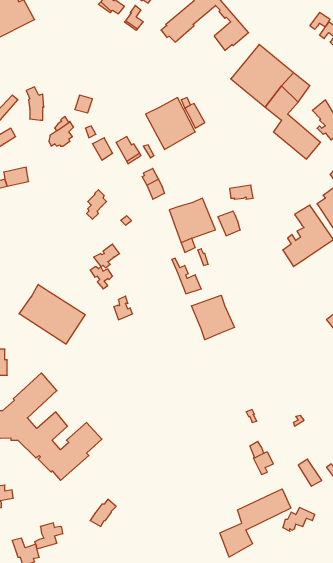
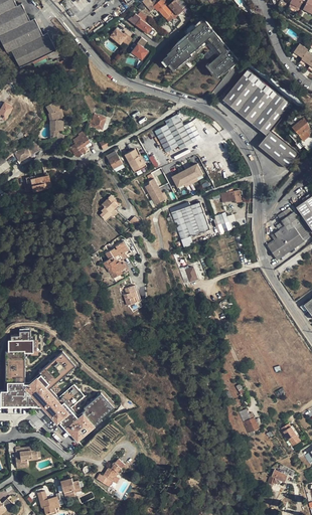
building: none -> [170,164,202,189]
building: [19,284,85,344] -> none
building: [191,295,234,340] -> none
building: [220,489,291,557] -> none

